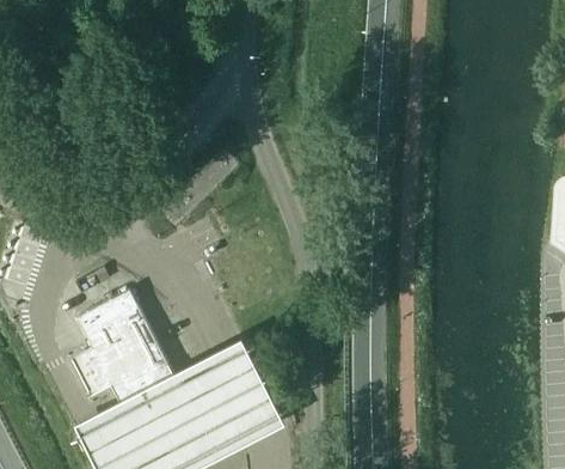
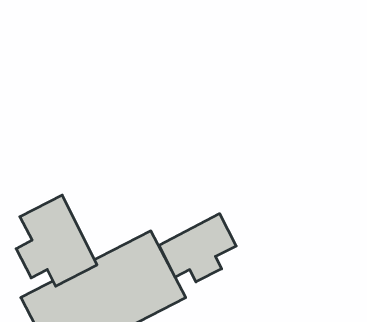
building: none -> [159,214,236,282]

